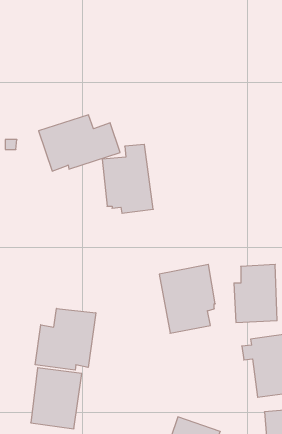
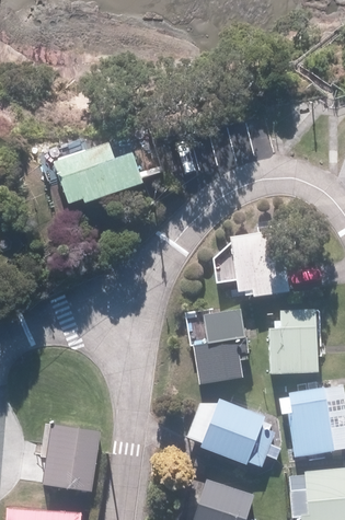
building: [102,144,153,213] -> [232,220,289,297]
building: [35,308,96,370] -> none
building: none -> [185,398,278,466]

